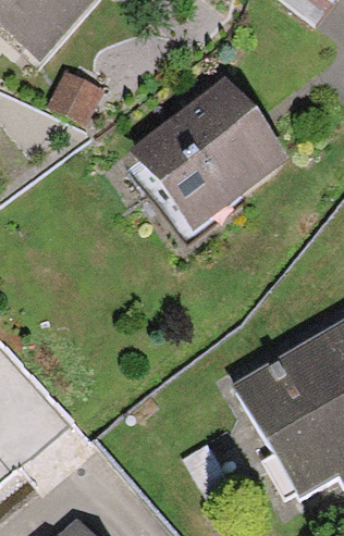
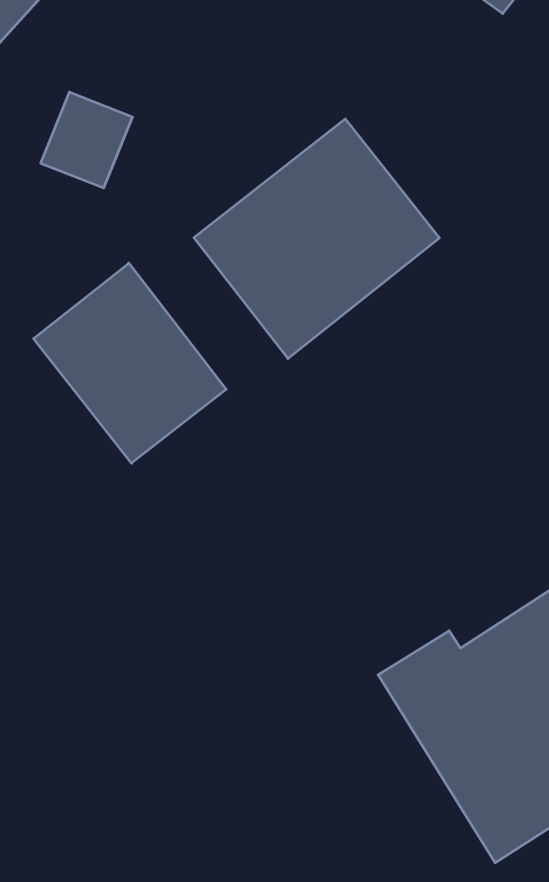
building: none -> [34,263,226,463]

